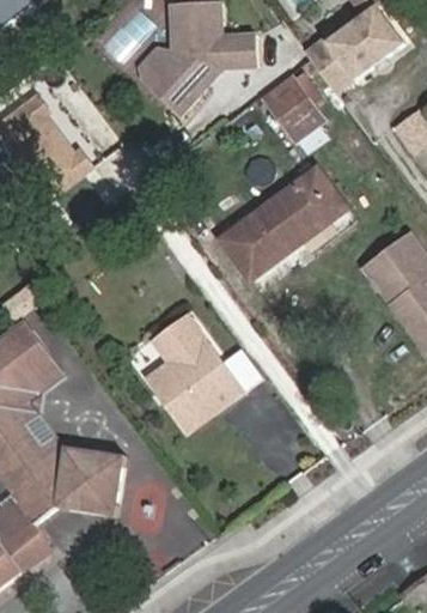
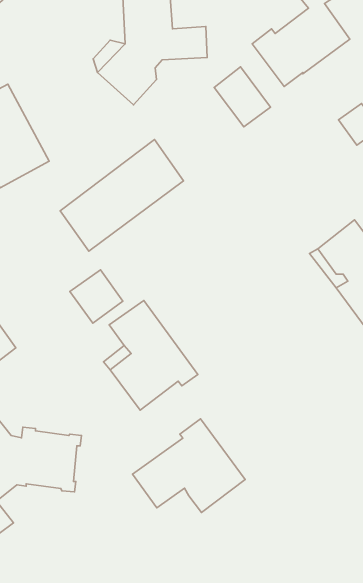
building: [218,163,346,279] -> [60,139,183,251]
building: none -> [70,270,123,323]
building: none -> [132,419,245,512]

